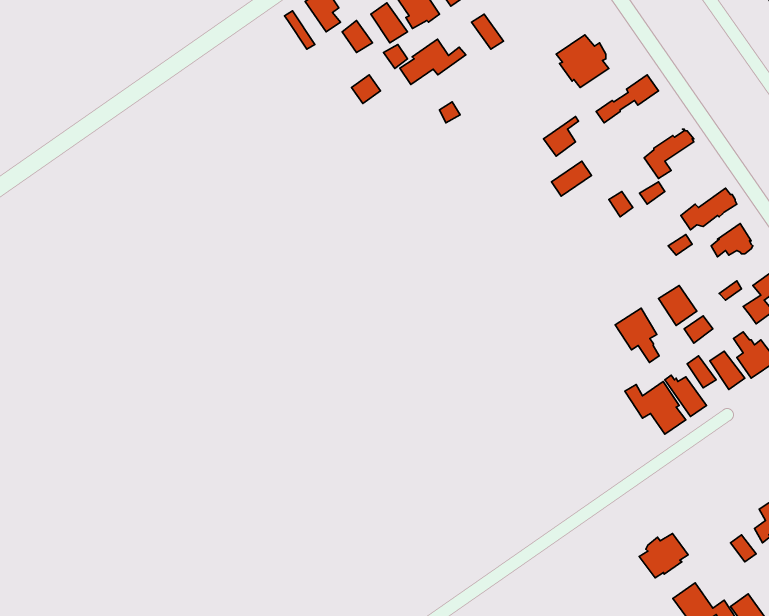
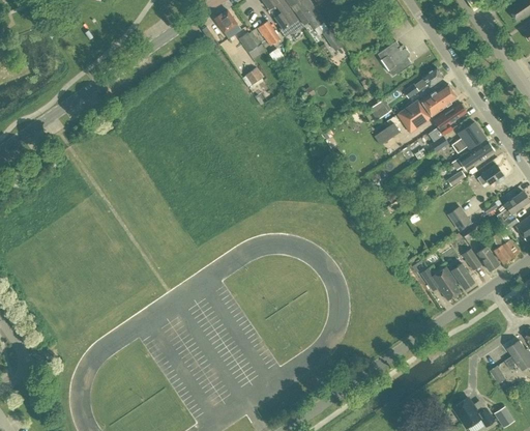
building: [400,39,466,84] -> none
building: none -> [398,83,457,133]
building: none -> [450,122,484,153]
building: [615,308,659,362] -> none
building: [639,533,688,578] -> none

